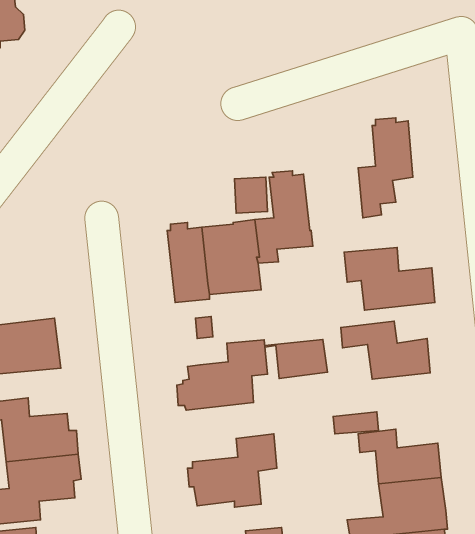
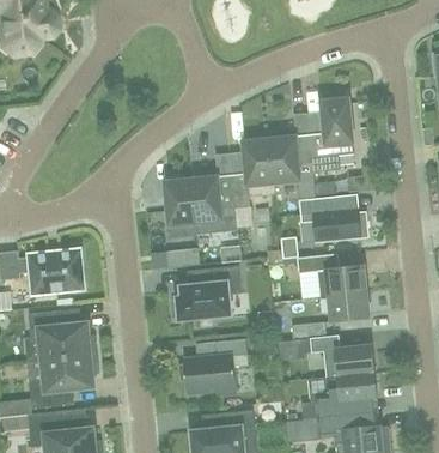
building: none -> [268,134,313,182]
building: [265,339,328,378] -> [321,291,368,321]

